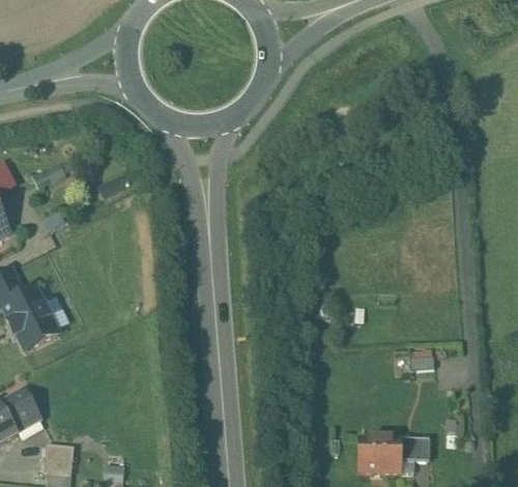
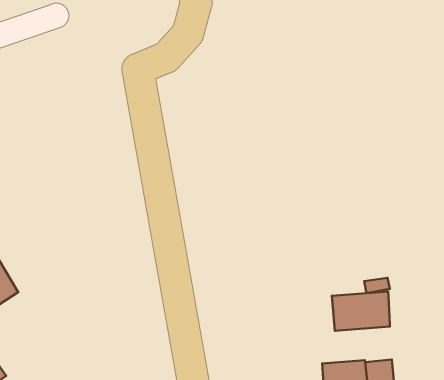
building: none -> [332,292,390,331]

